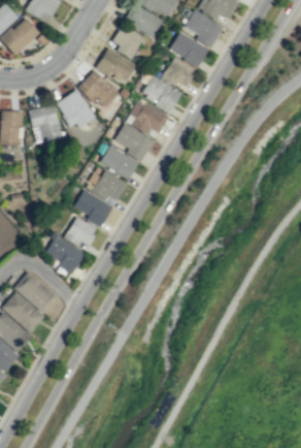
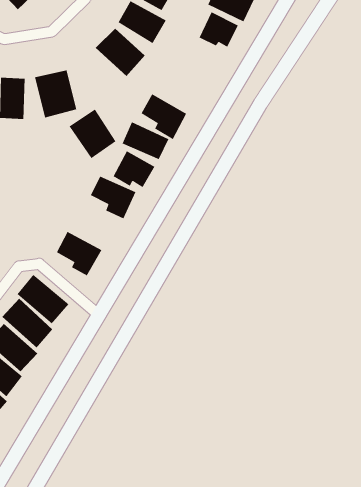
building: [142,75,181,109] -> none
building: [56,88,95,129] -> [68,109,116,159]
building: [127,99,169,132] -> none
building: [65,216,98,245] -> none

